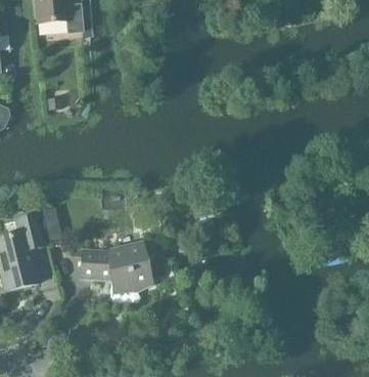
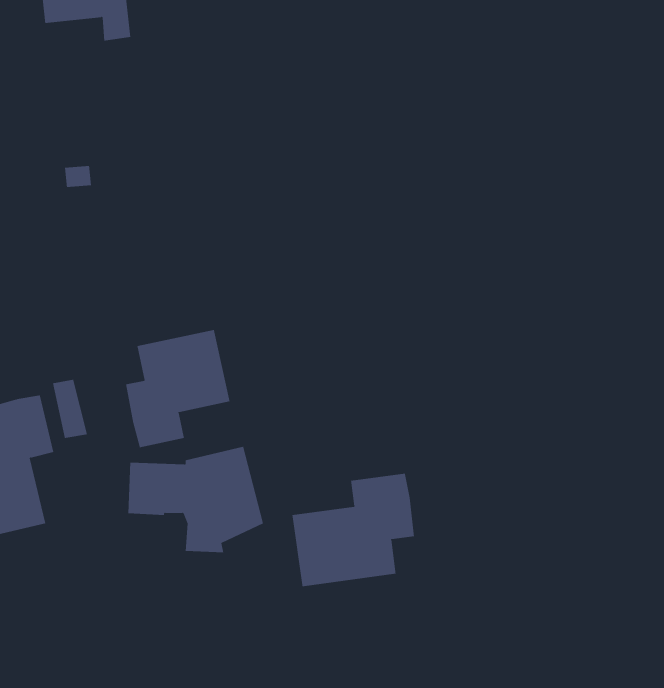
building: none -> [125,329,230,448]
building: none -> [292,473,414,587]

